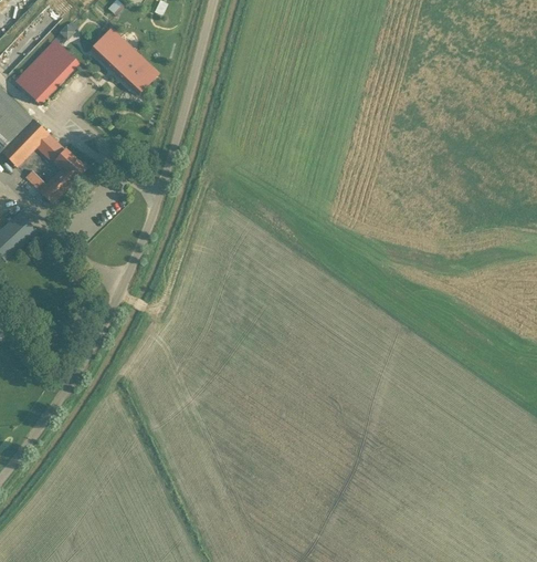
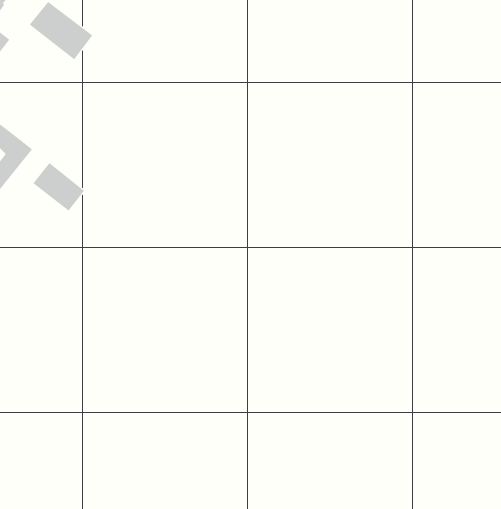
building: none -> [32,162,85,212]

